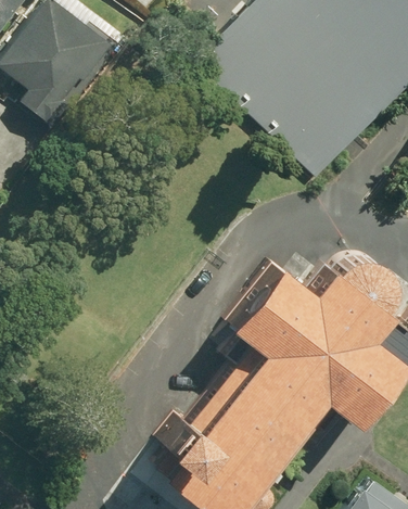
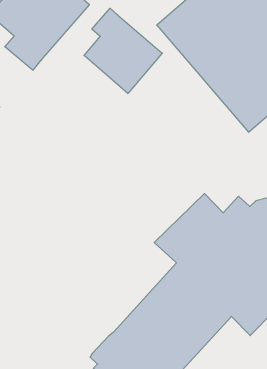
building: none -> [84,8,162,94]

